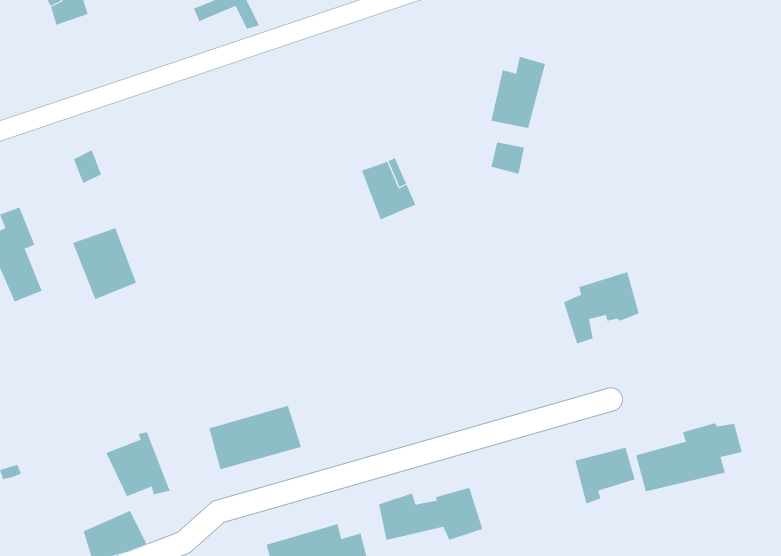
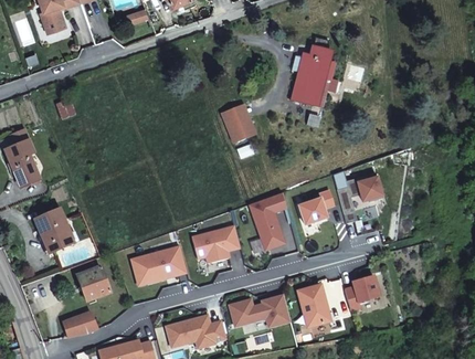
building: [72,227,137,300] -> [33,212,71,254]
building: none -> [302,191,335,223]
building: none -> [251,193,288,249]
building: none -> [194,228,241,265]
building: [636,423,742,492] -> none
building: none -> [299,282,331,325]

